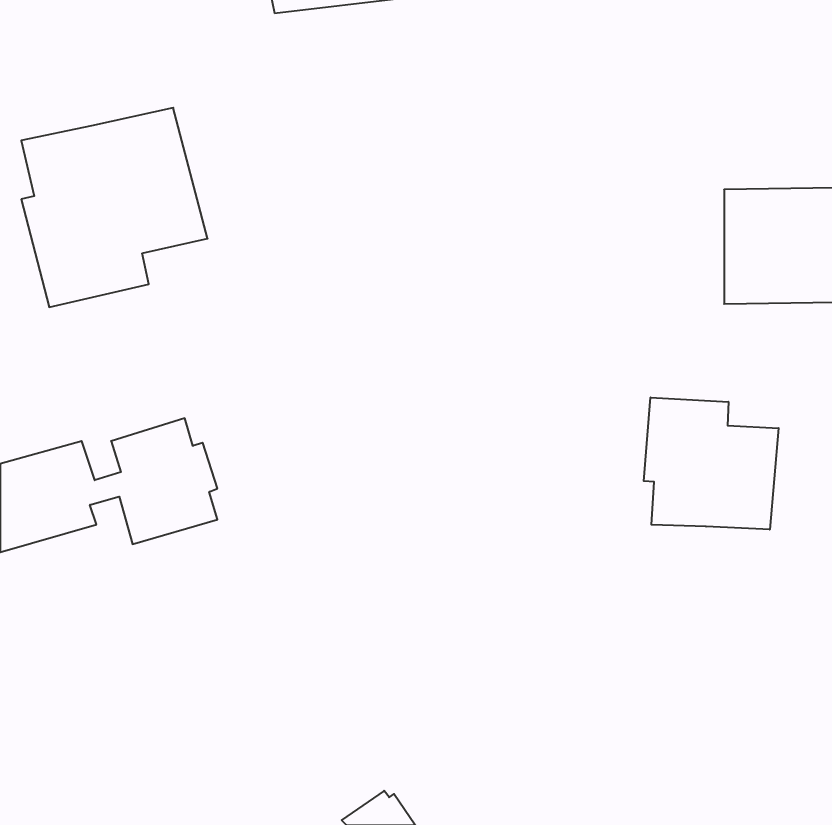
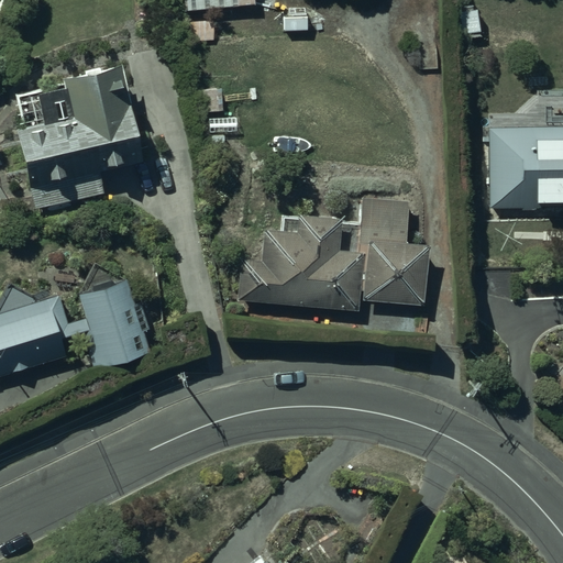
building: none -> [236,196,429,307]
building: [644,397,779,530] -> none

